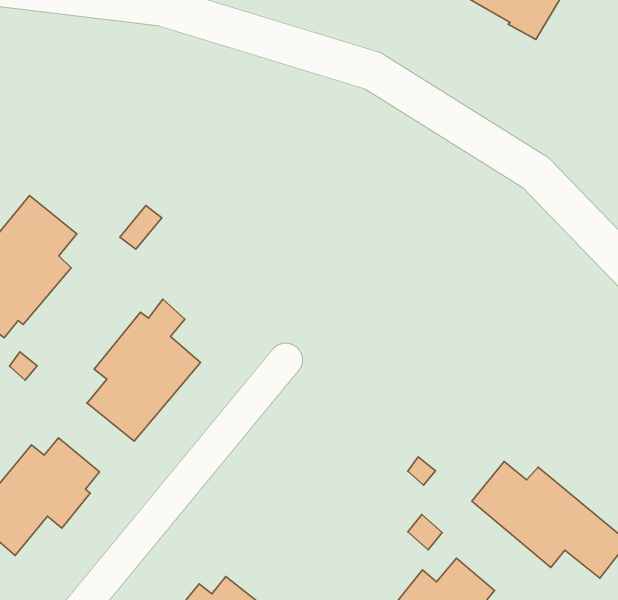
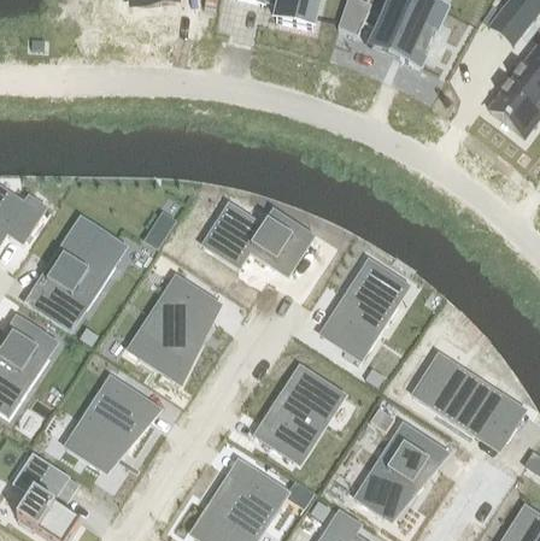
building: none -> [204,208,311,271]
building: none -> [330,259,400,359]
building: none -> [259,371,341,457]

